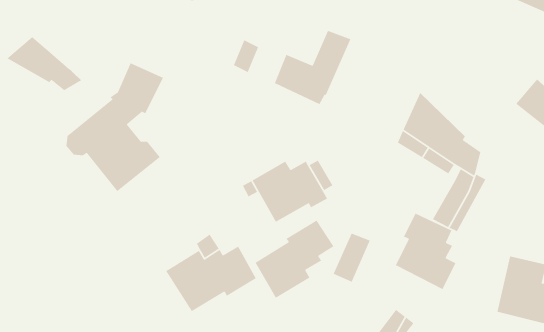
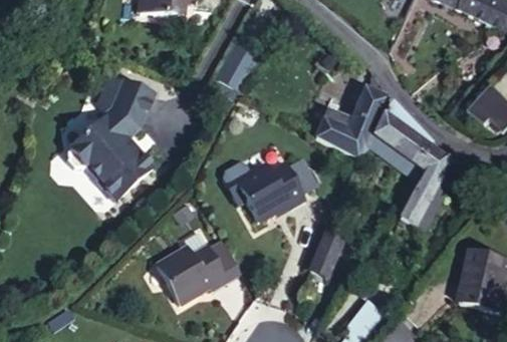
building: [274,30,352,105] -> [315,88,387,157]
building: [6,36,82,91] -> none
building: [395,212,457,290] -> none
building: [255,220,335,299] -> none

